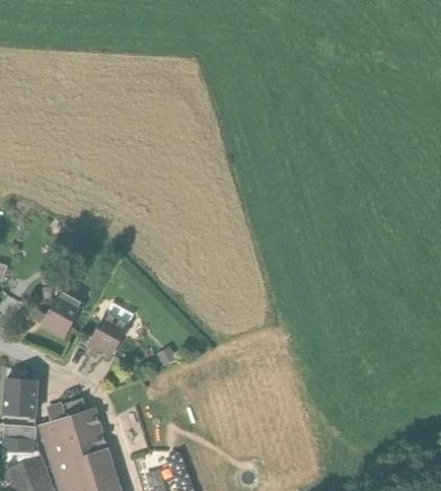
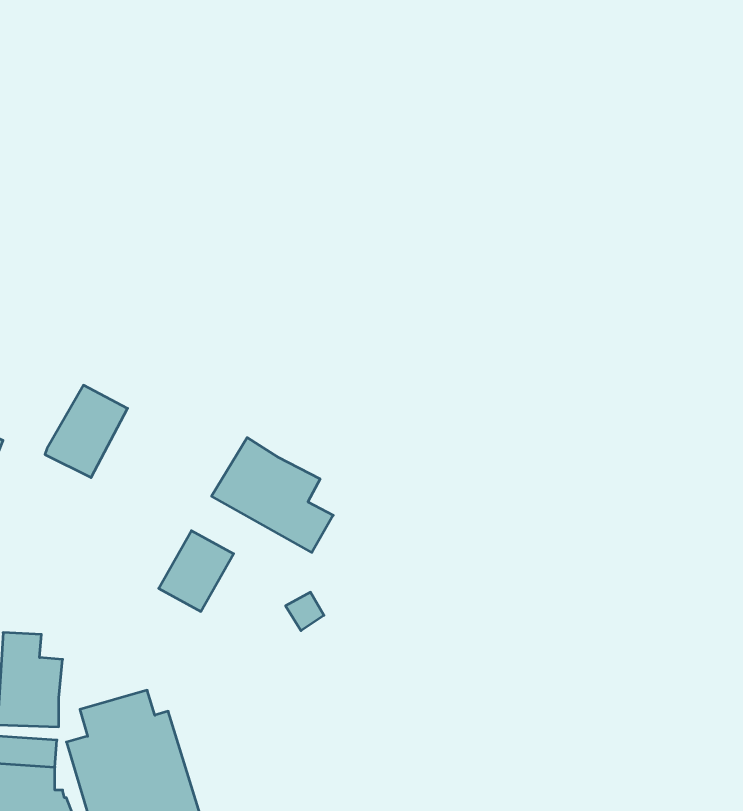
building: none -> [212,438,333,552]
building: [40,291,83,340] -> [45,385,128,478]

